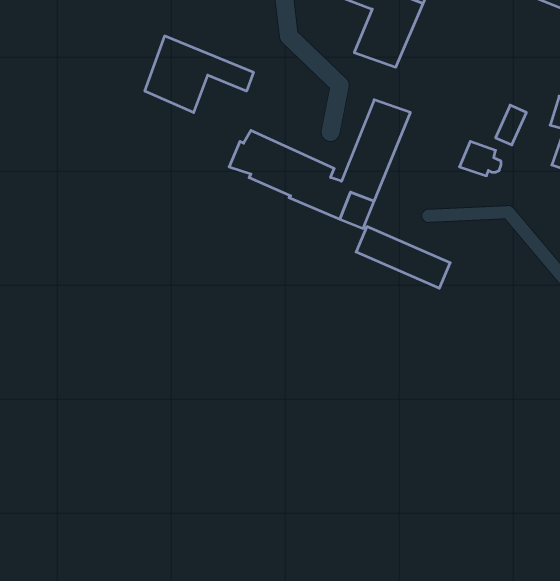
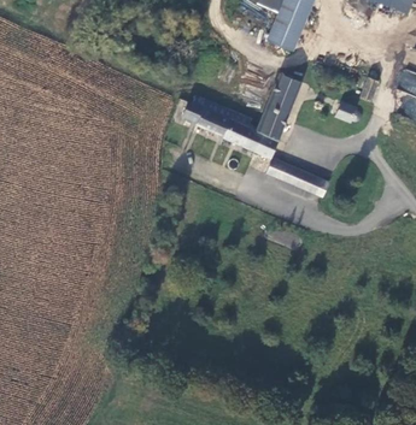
building: [145,36,253,113] -> none

